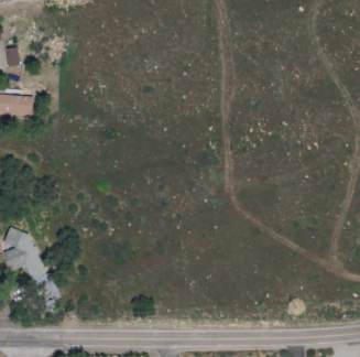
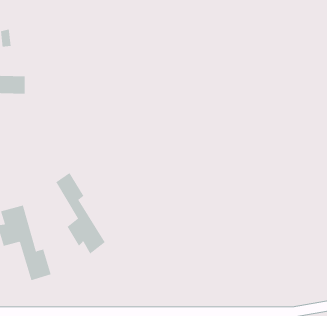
building: none -> [56,172,106,254]

